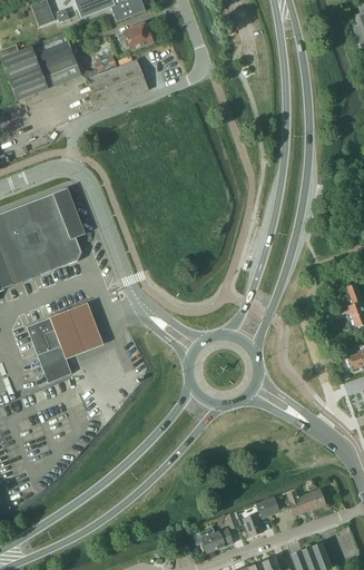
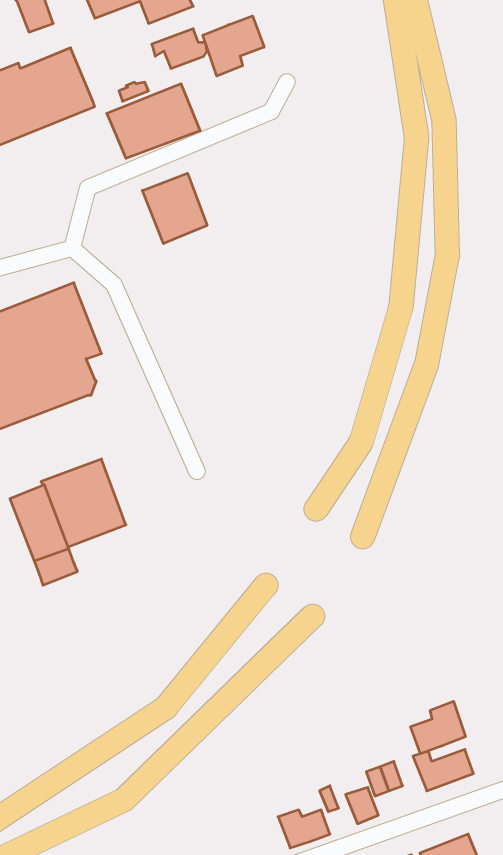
building: none -> [203,16,264,76]
building: none -> [142,173,207,244]
building: none -> [411,701,465,754]

